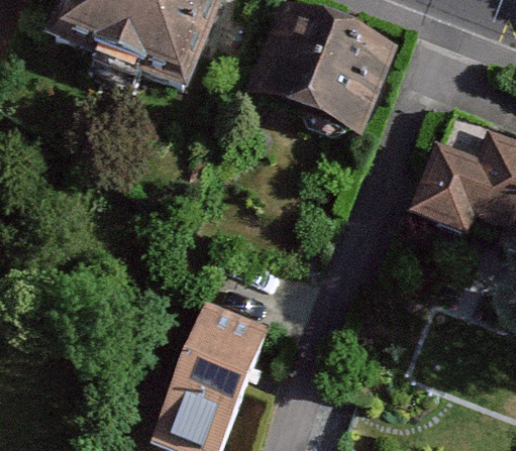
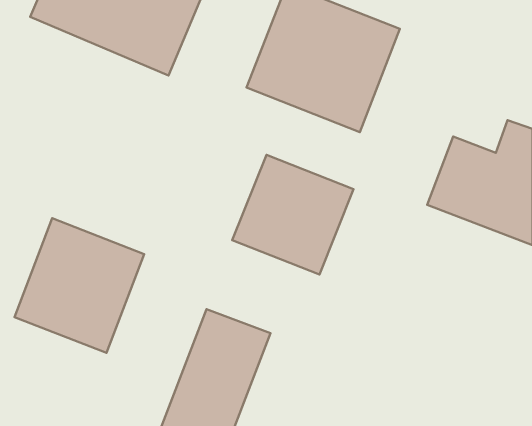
building: none -> [232,155,353,275]
building: none -> [14,218,144,353]

